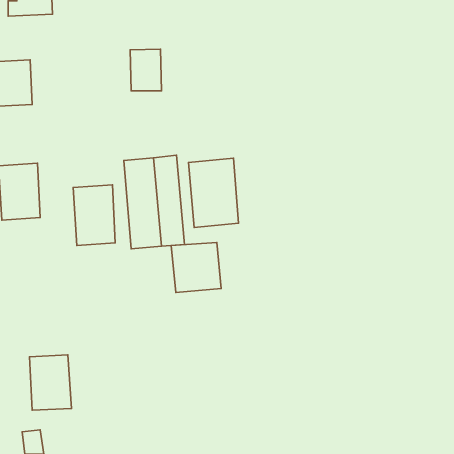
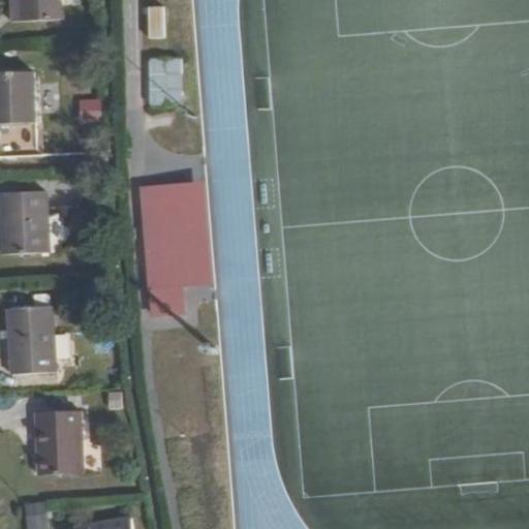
building: [188,158,238,227] -> none
building: [73,185,115,246] -> [5,305,54,375]
building: [171,242,221,293] -> none

